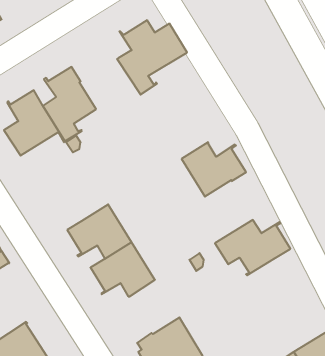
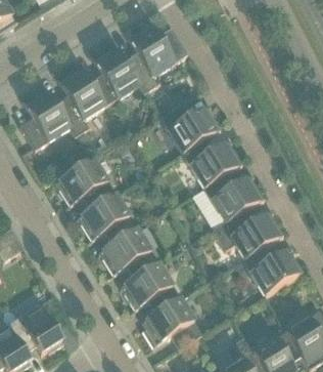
building: none -> [89,46,145,107]
building: none -> [160,102,221,153]
building: none -> [55,160,116,210]
building: none -> [204,172,264,231]
building: none -> [243,245,303,295]
building: none -> [121,264,181,315]

